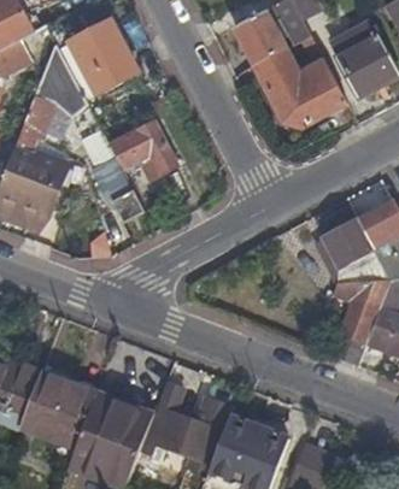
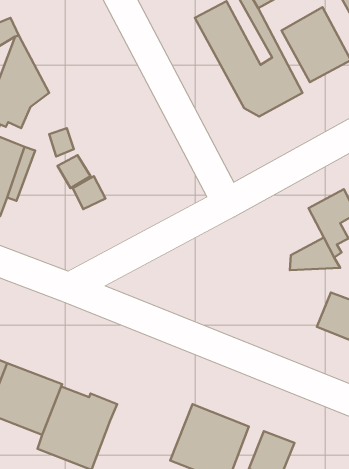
building: [68,18,137,93] -> none
building: [110,120,177,172] -> none
building: [319,219,369,267] -> none
building: [329,281,386,364] -> none
building: [149,383,236,478] -> none

